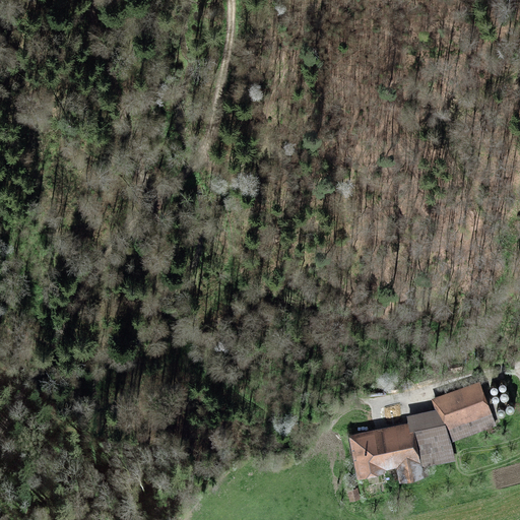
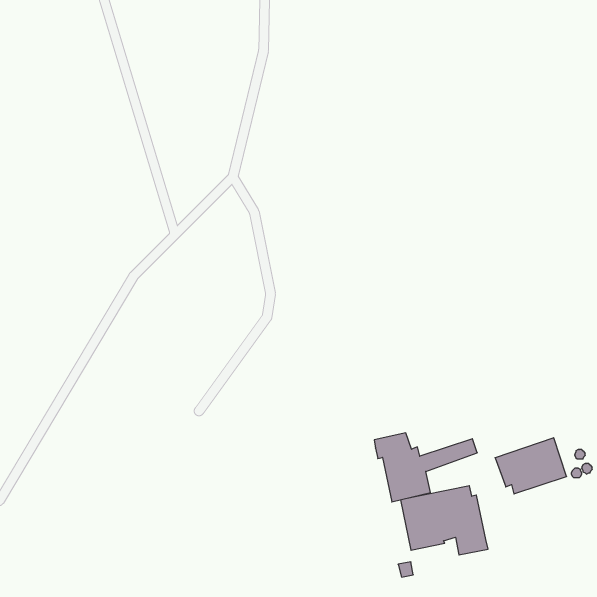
building: [406,409,496,469] -> [374,433,477,502]

